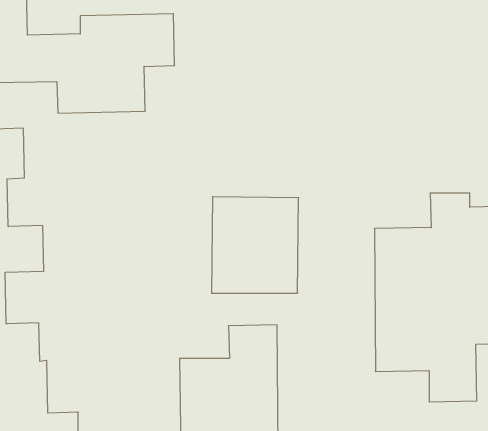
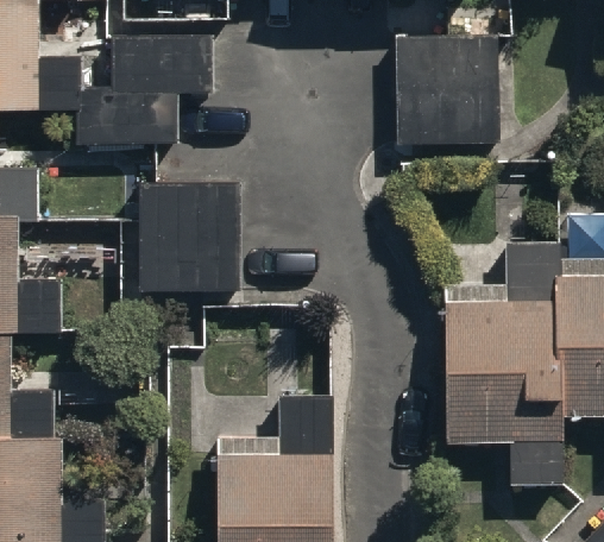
building: none -> [391,33,499,143]
building: [211,197,299,293] -> [139,178,241,291]

